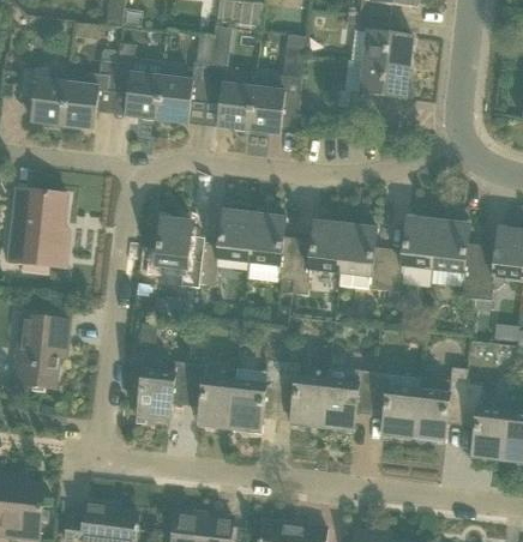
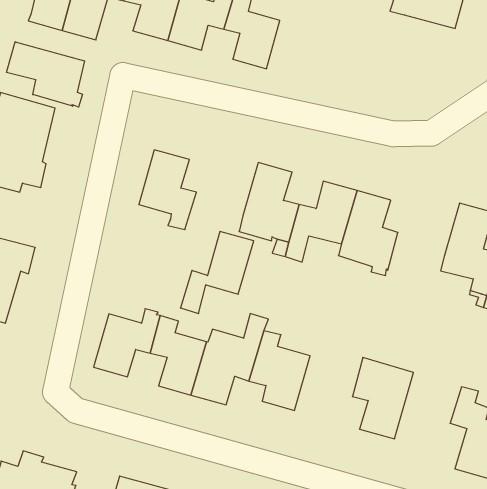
building: [338,62,409,110] -> none
building: [248,73,302,133] -> none
building: none -> [7,42,85,107]
building: [199,210,254,285] -> [180,231,254,314]
building: [384,217,438,296] -> none
building: [321,366,374,430] -> none
building: [414,366,467,441] -> none

